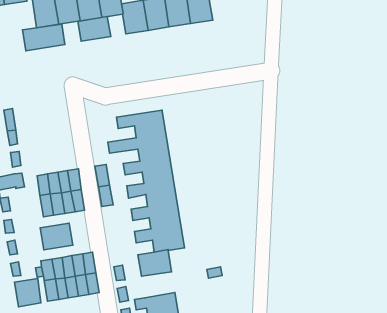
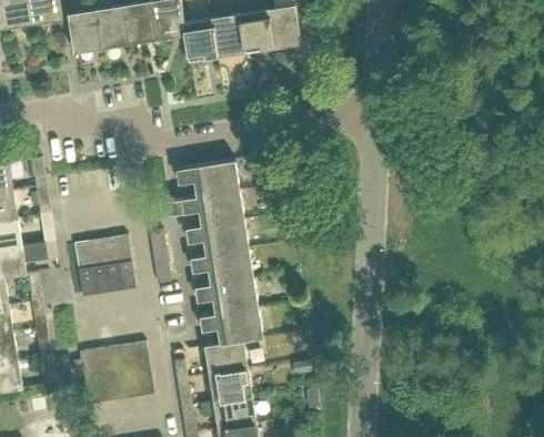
building: [78,17,111,41] -> none
building: [22,24,65,51] -> none
building: [40,223,73,250] -> none
building: none -> [208,368,251,402]
building: [14,279,41,307] -> none

